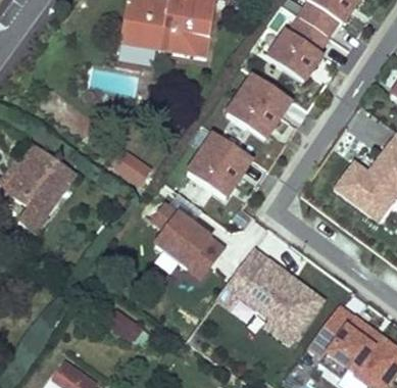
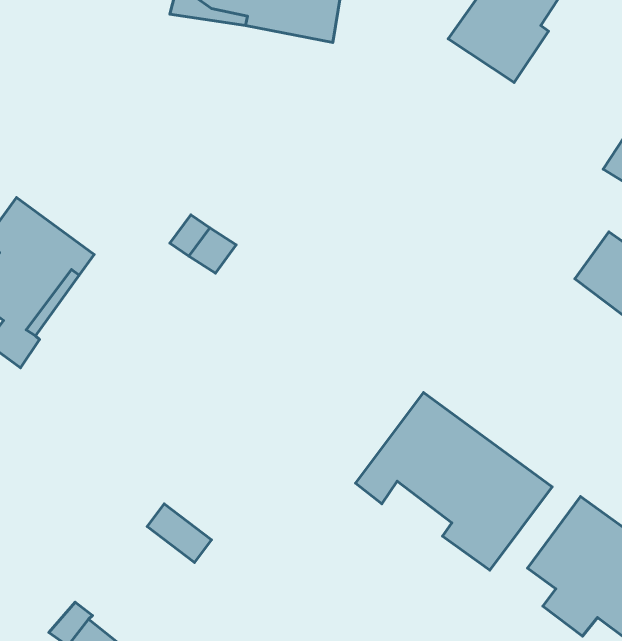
building: [227,75,291,139] -> none
building: [188,133,252,197] -> none
building: [152,203,224,277] -> none

